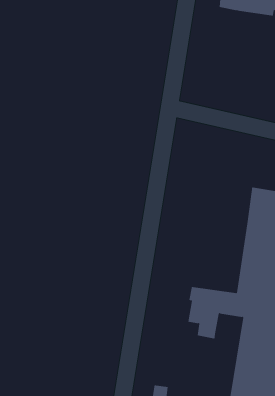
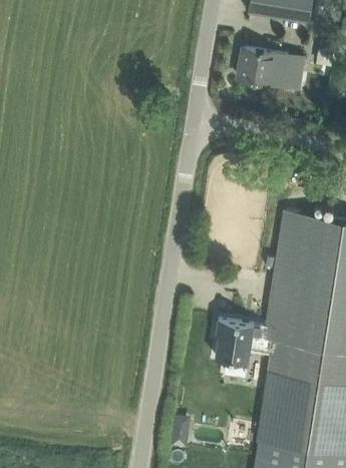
building: none -> [238,48,304,89]

